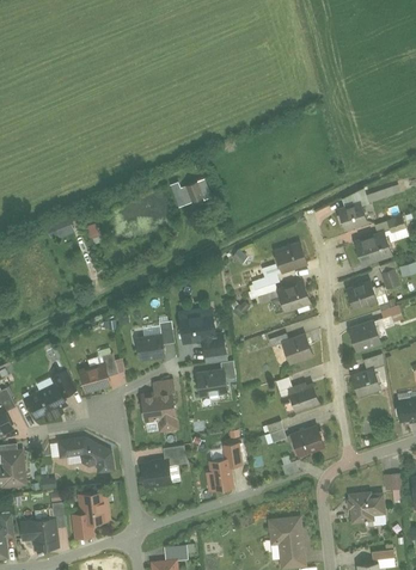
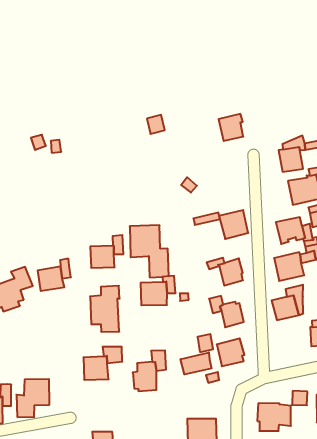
building: [275,239,305,271] -> [219,114,243,141]
building: [59,435,115,472] -> none
building: none -> [181,352,212,374]

